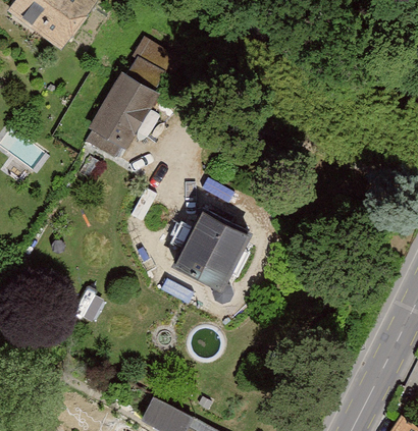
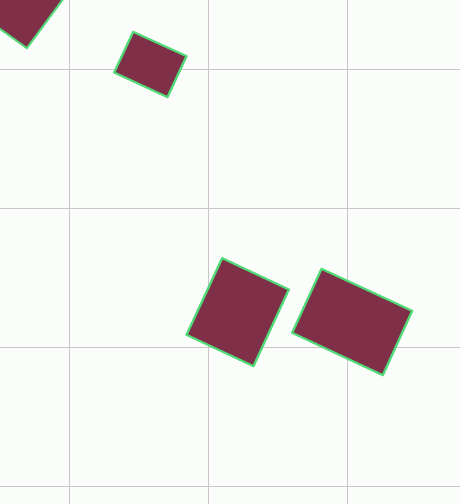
building: [90,73,155,148] -> none
building: none -> [292,269,412,375]

